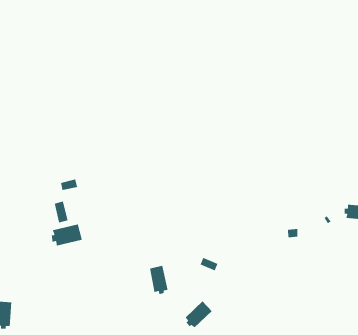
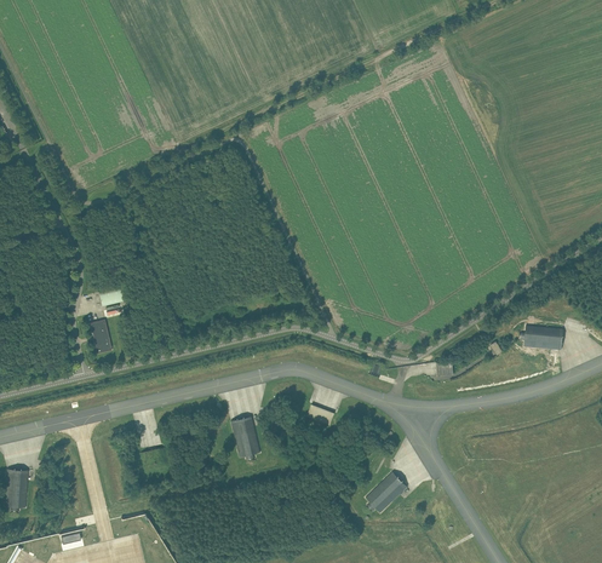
building: [51,223,83,247] -> none
building: [185,301,212,328] -> [366,471,407,512]

